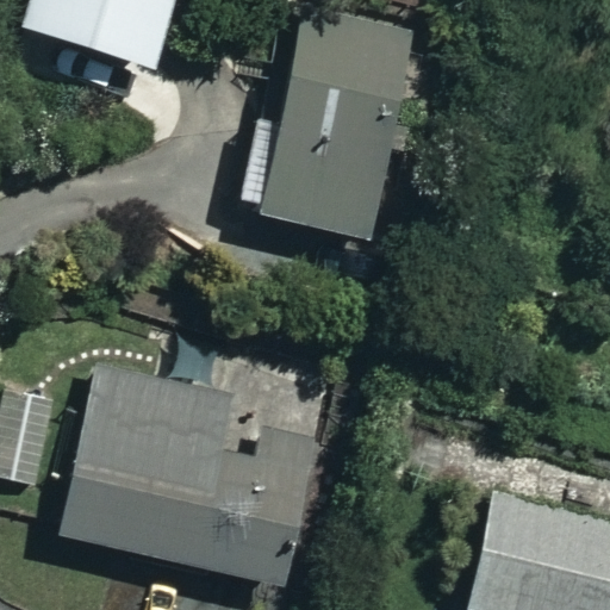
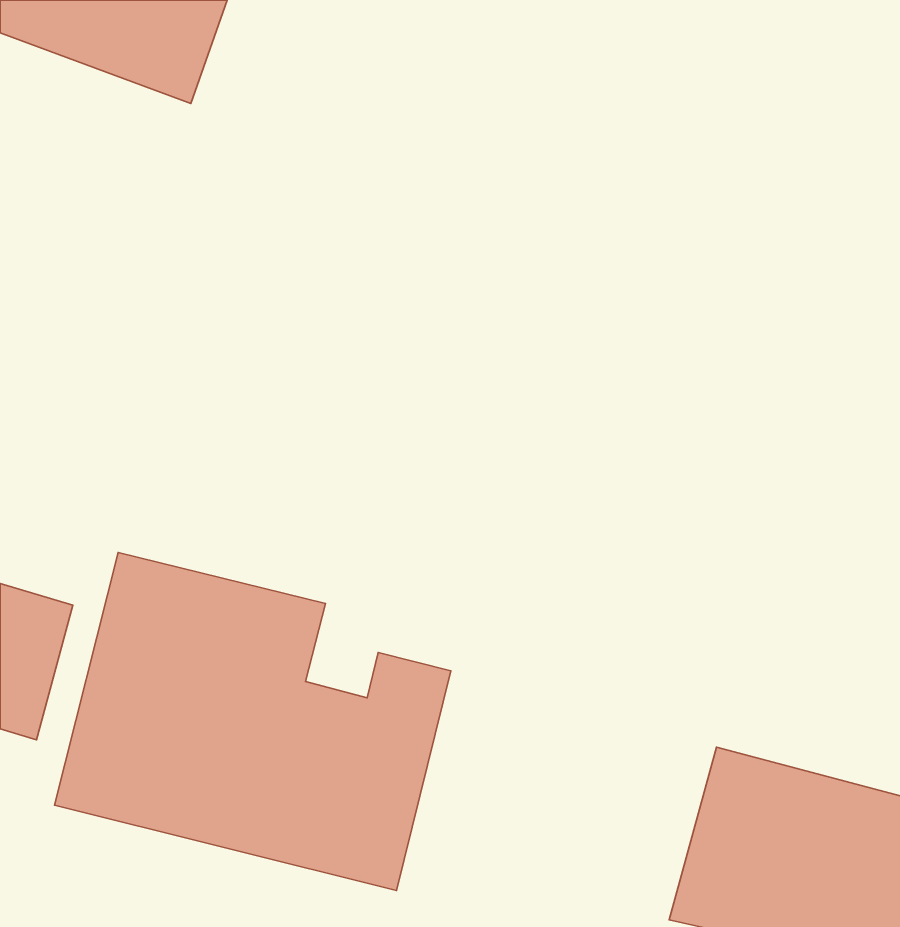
building: [230,6,415,236] -> none

